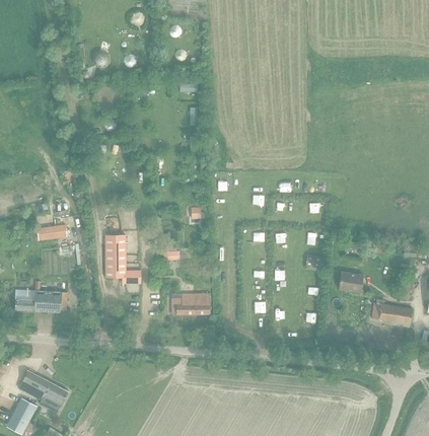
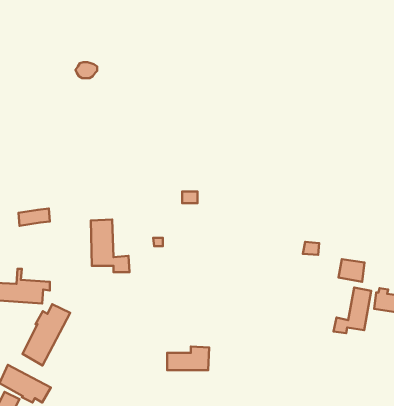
building: [170,291,210,313] -> [167,346,209,370]
building: none -> [333,287,371,333]
building: none -> [22,304,70,365]

